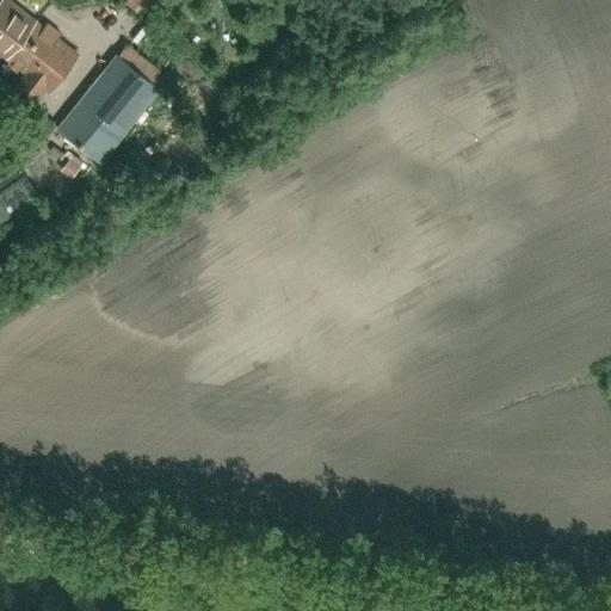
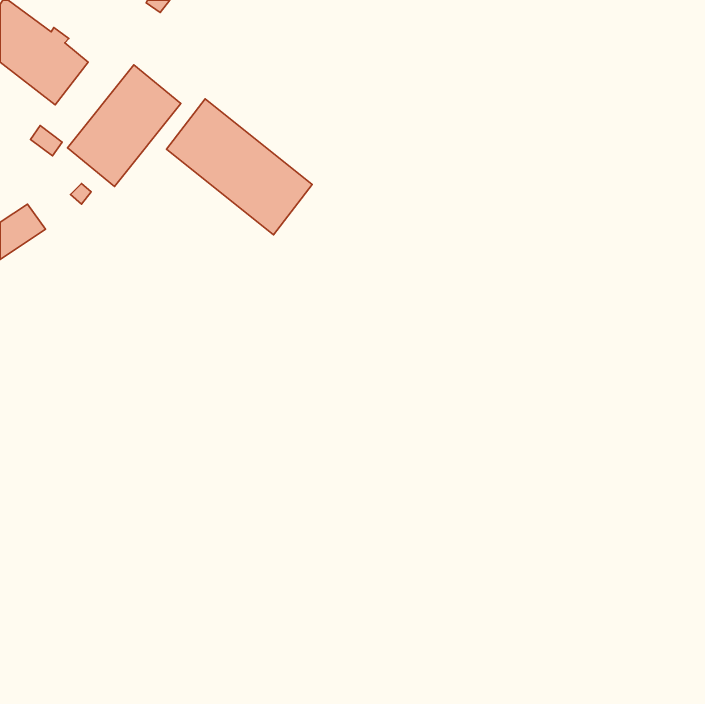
building: none -> [166,99,312,235]

